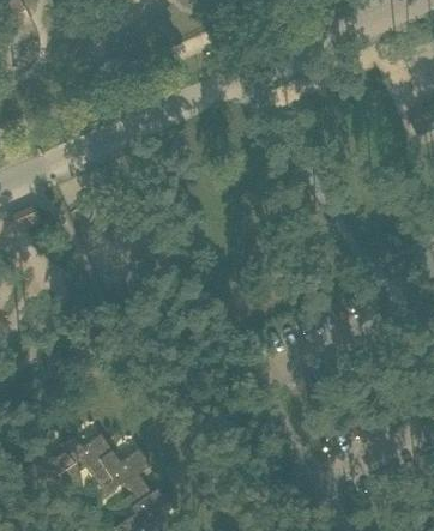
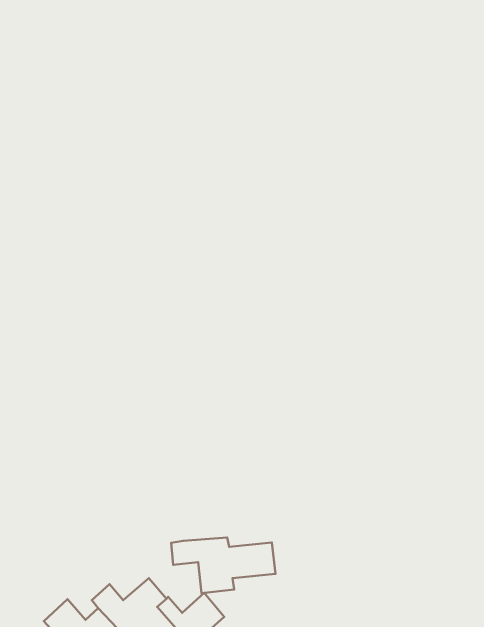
building: none -> [171,538,275,593]

